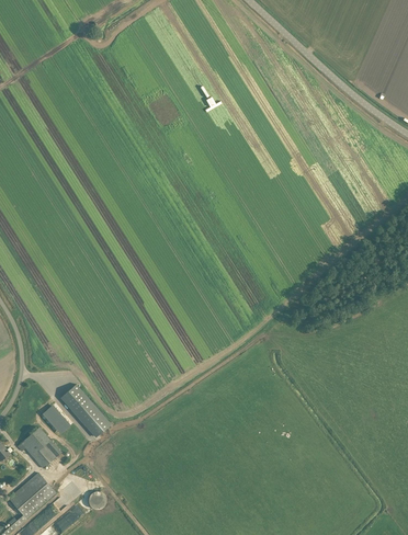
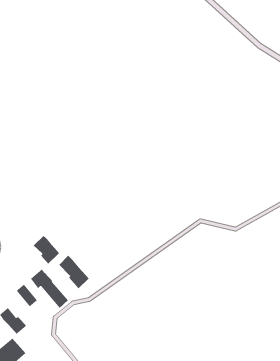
building: none -> [33,235,60,264]
building: none -> [59,255,89,289]

